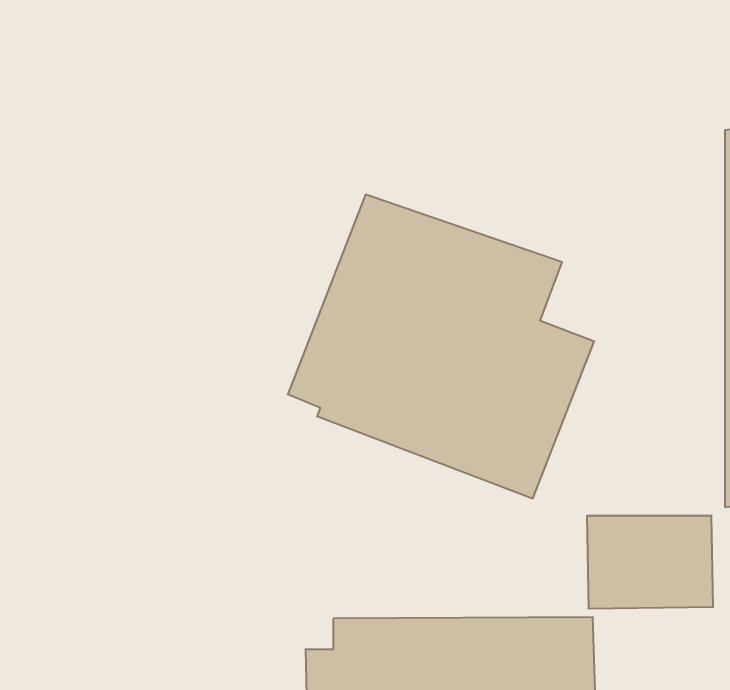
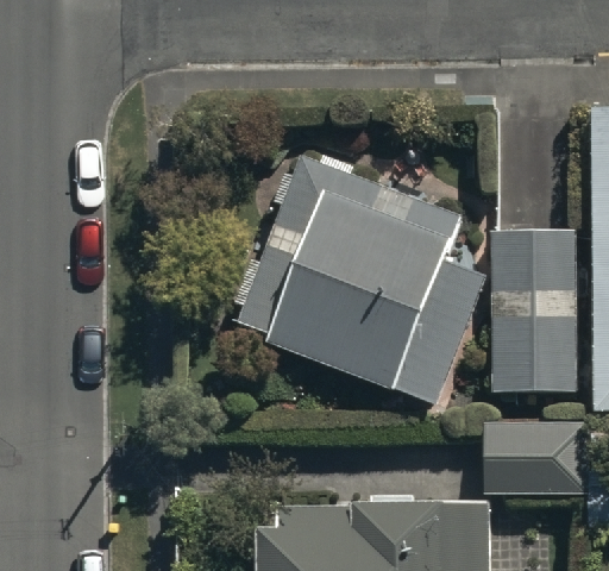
building: none -> [490,231,577,391]

